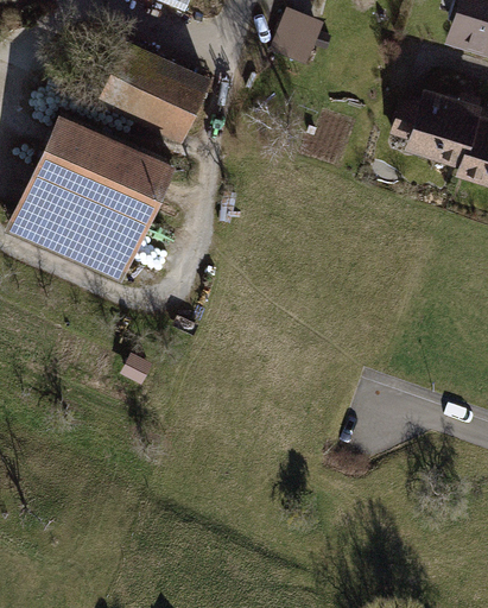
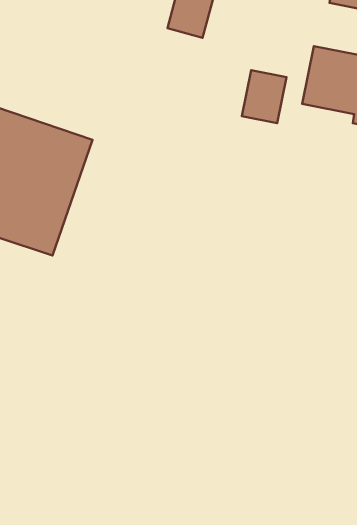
building: [94,38,211,144] -> none
building: none -> [242,70,286,123]

